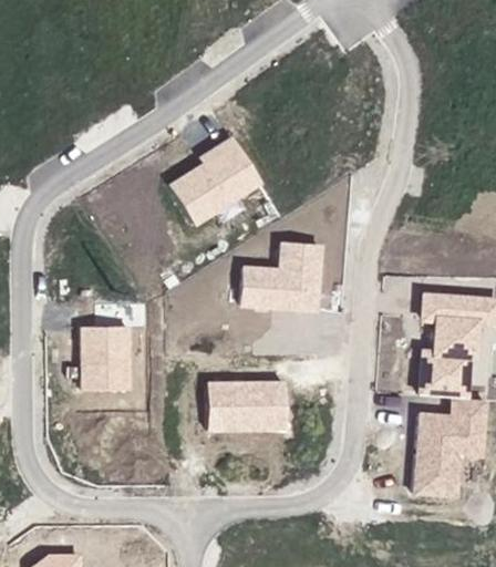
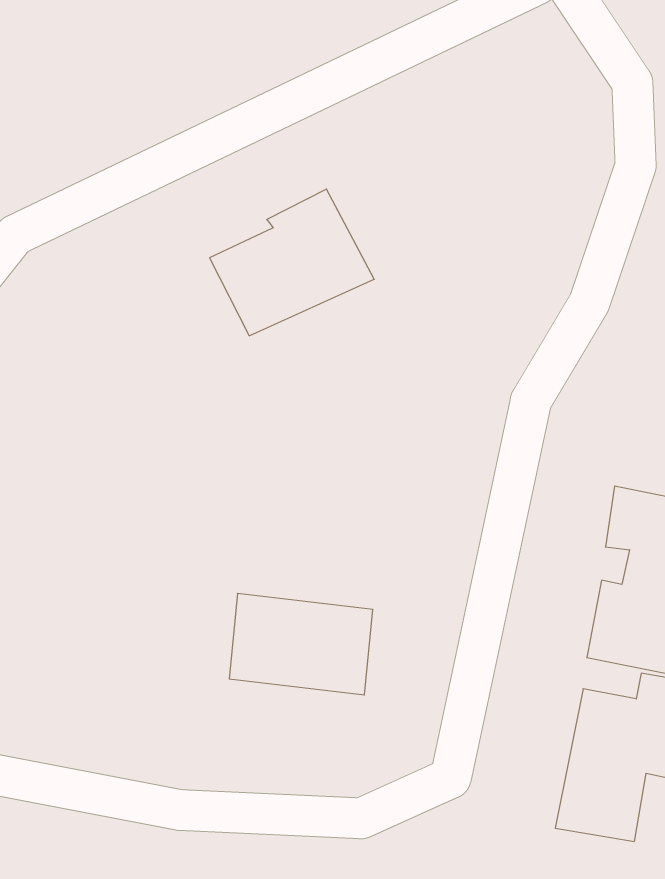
building: [239,240,324,313] -> none
building: [80,326,132,391] -> none

